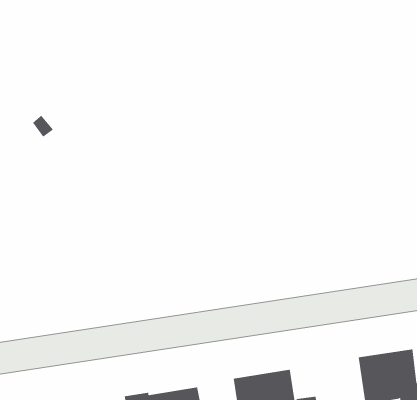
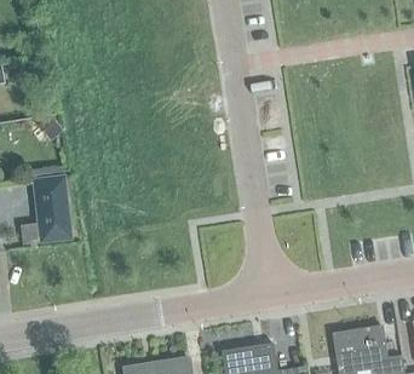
building: none -> [33,176,71,241]

